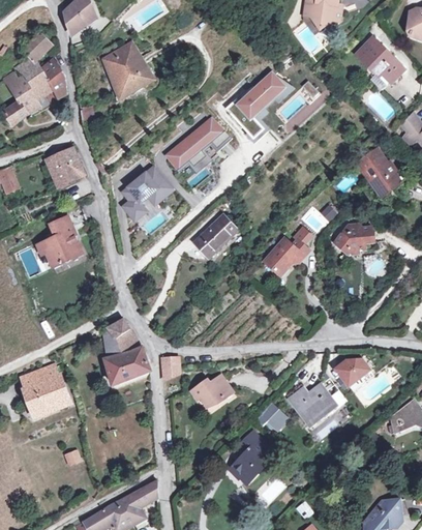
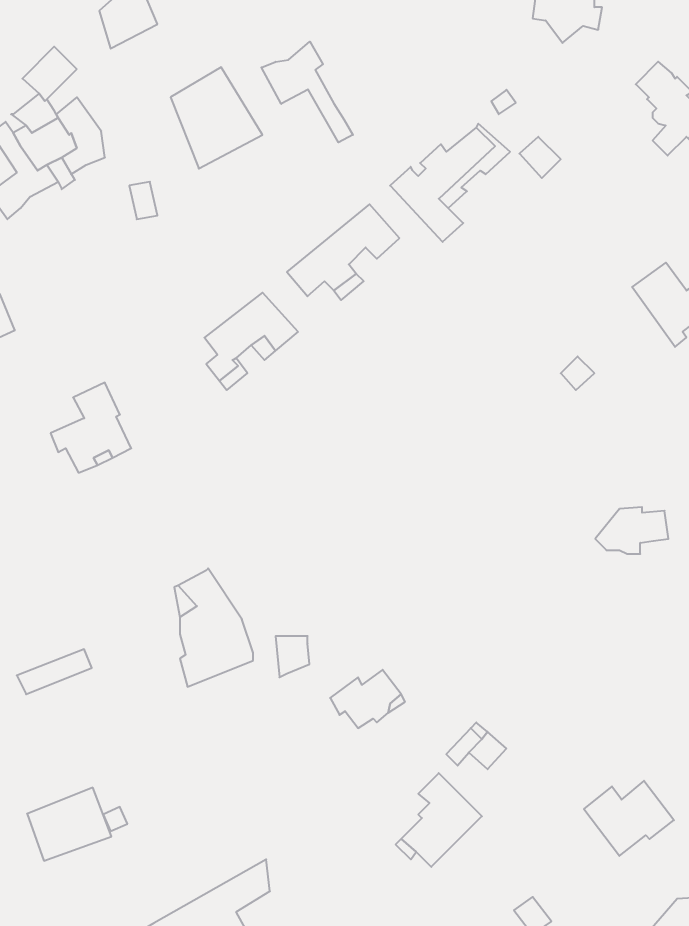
building: none -> [261,42,353,142]
building: [44,147,82,185] -> none
building: [192,215,237,258] -> none
building: [333,225,373,251] -> [595,507,668,554]
building: [263,238,308,275] -> none
building: [333,359,371,390] -> none
building: [23,374,69,414] -> [27,788,111,861]
building: [287,383,336,424] -> [584,781,674,856]

